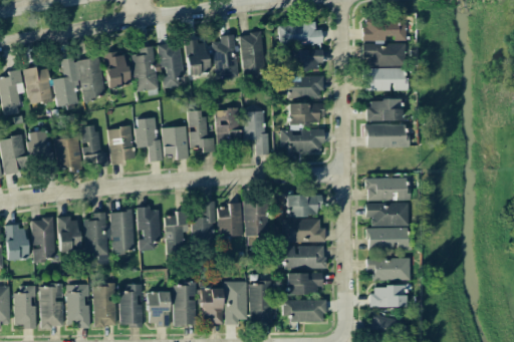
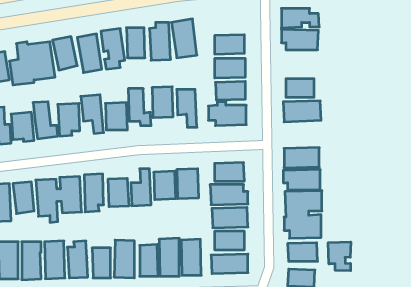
building: [279,23,322,46] -> none
building: [364,68,407,90] -> none
building: none -> [328,242,351,271]

